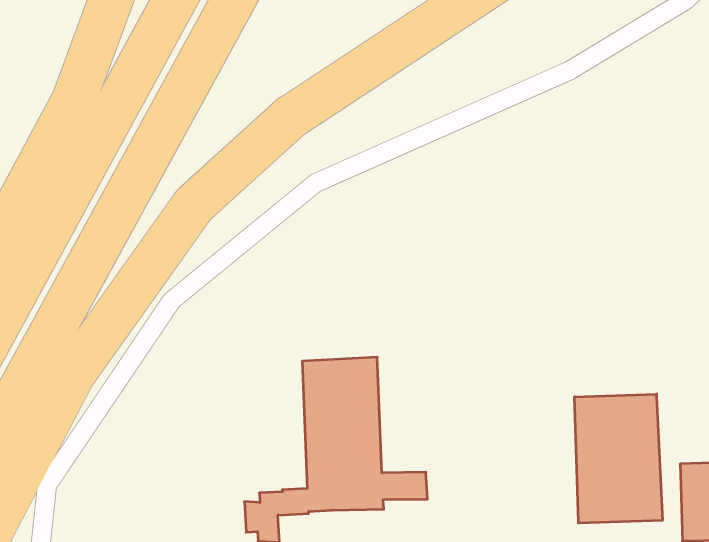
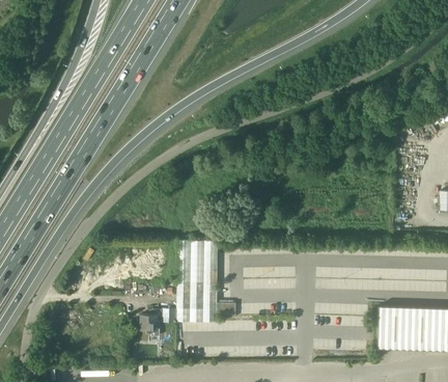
building: [575,394,662,523] -> none

